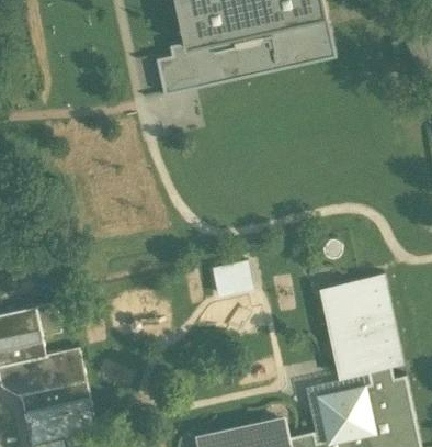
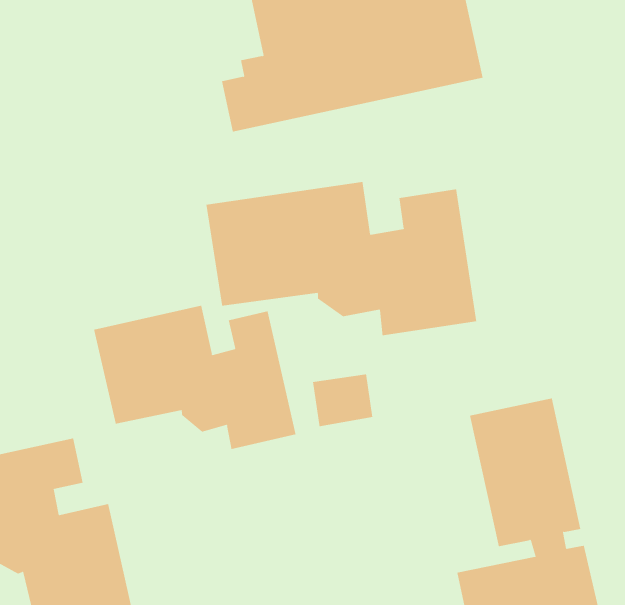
building: none -> [206,181,477,336]
building: none -> [94,305,296,450]

